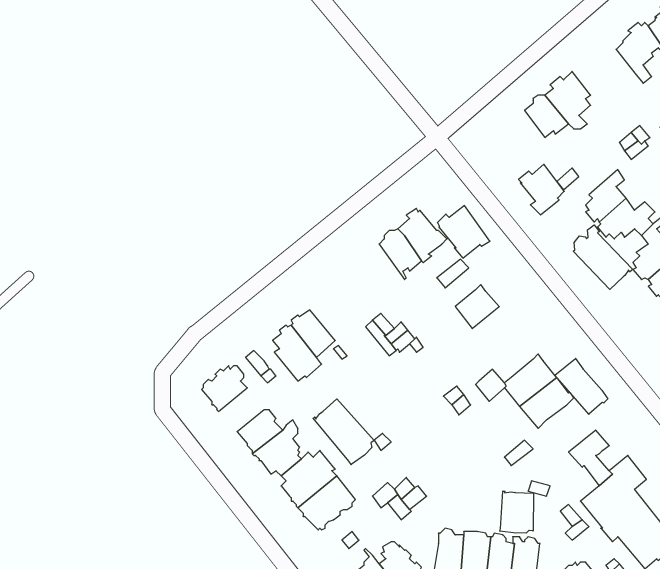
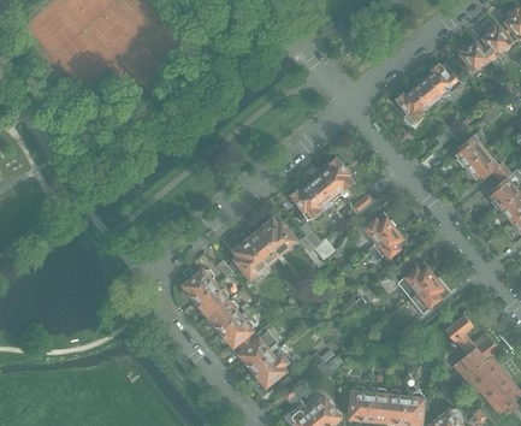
building: none -> [456,42,492,75]
building: [519,164,564,215] -> [395,88,427,124]
building: [437,206,490,258] -> [290,183,327,220]
building: [573,225,633,289] -> none
building: none -> [260,219,296,253]
building: none -> [368,227,408,260]
building: [555,358,608,414] -> none
building: none -> [195,285,227,316]
building: [313,399,374,465] -> none
building: [500,491,533,533] -> none

